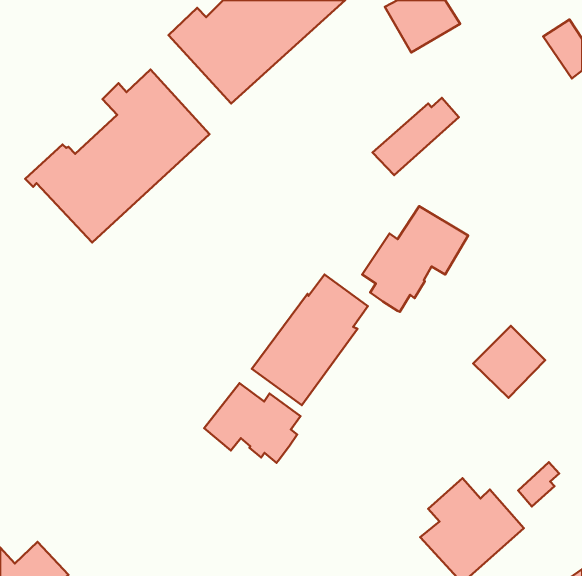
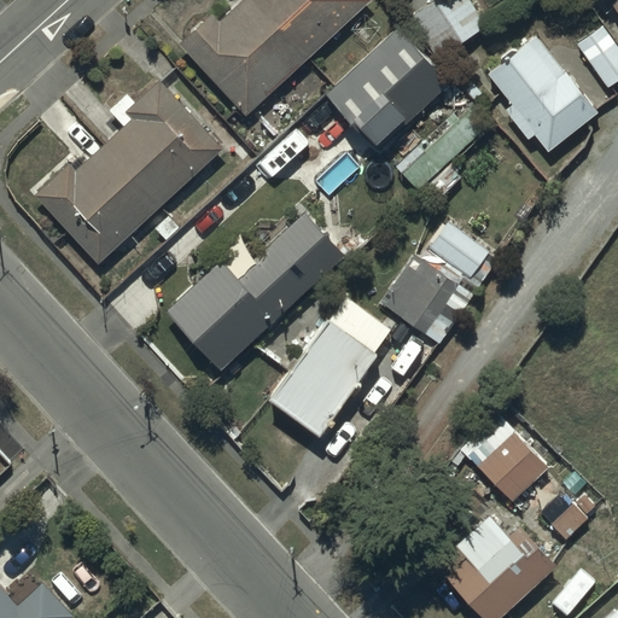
building: none -> [325,27,450,152]
building: none -> [486,35,597,151]
building: none -> [165,212,344,371]
building: [473,326,545,398] -> [474,427,550,503]
building: [204,383,300,463] -> none

